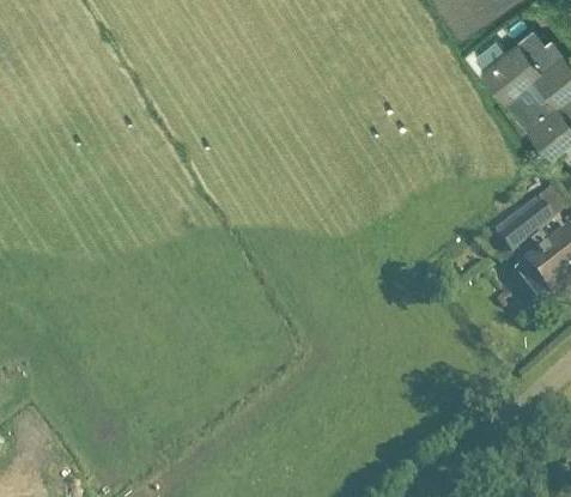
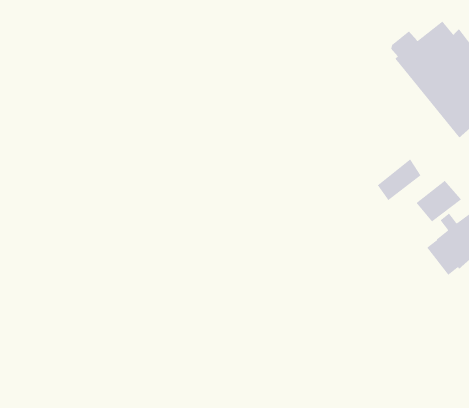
building: none -> [377,158,421,201]

